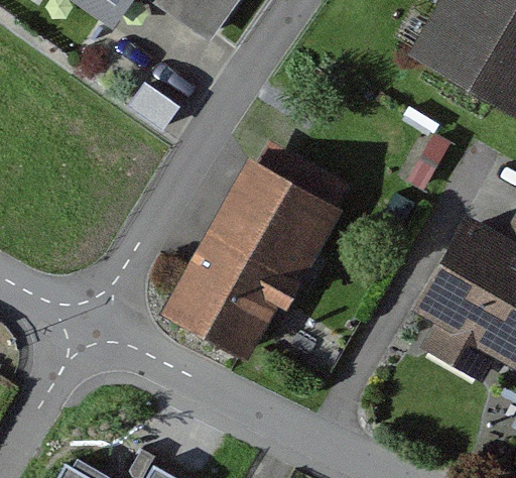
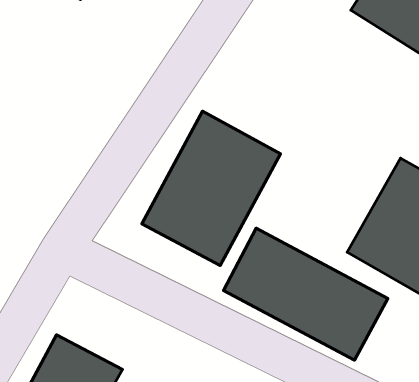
building: none -> [224,228,388,360]

